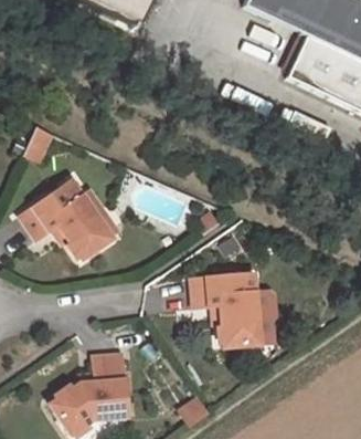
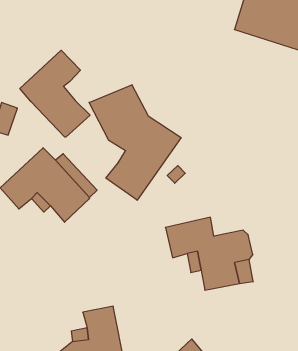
building: none -> [20,50,90,137]
building: none -> [89,85,181,200]

